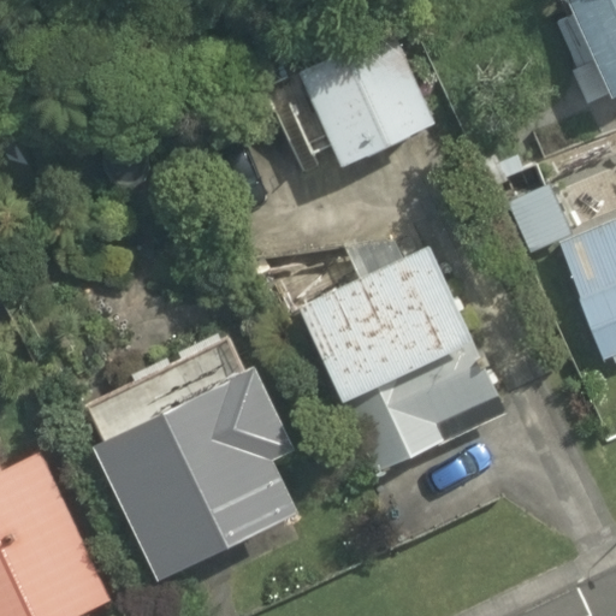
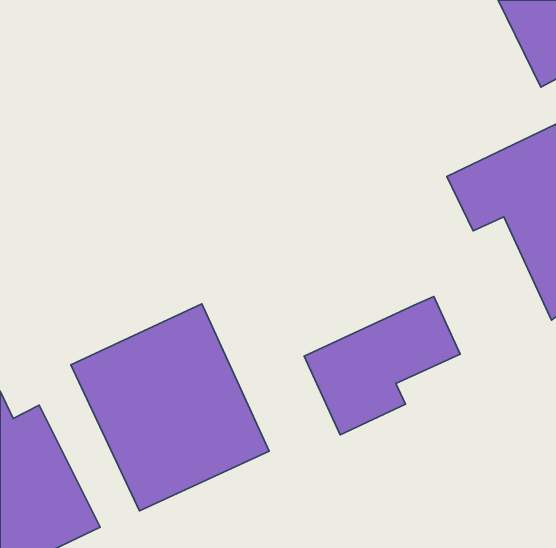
building: [261,23,440,173] -> none
building: [295,255,458,403] -> none

